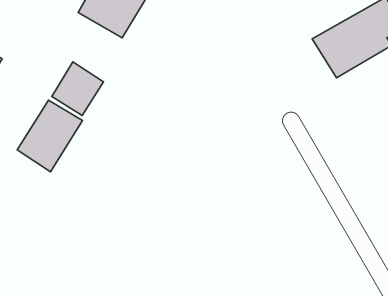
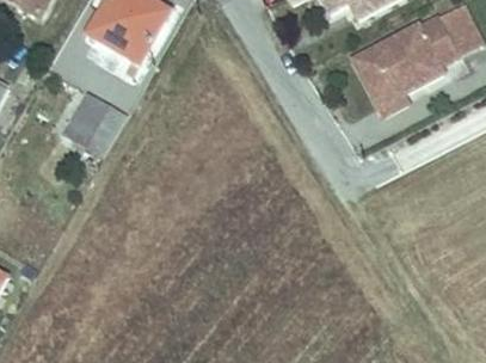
building: [17,100,82,172] -> none

